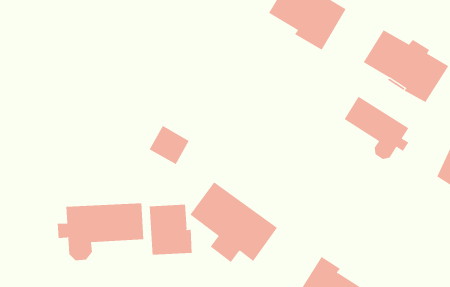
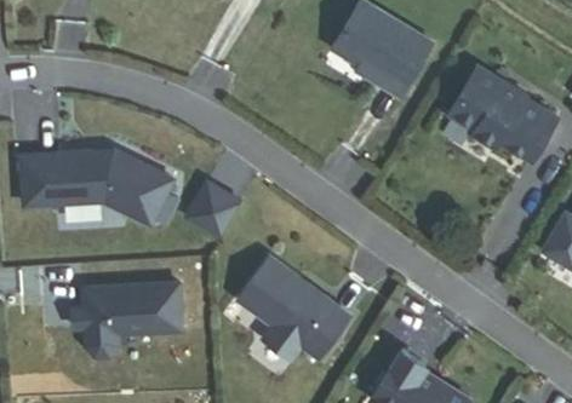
building: [344,96,409,160] -> none
building: none -> [18,151,176,225]
building: [149,204,192,255] -> none

